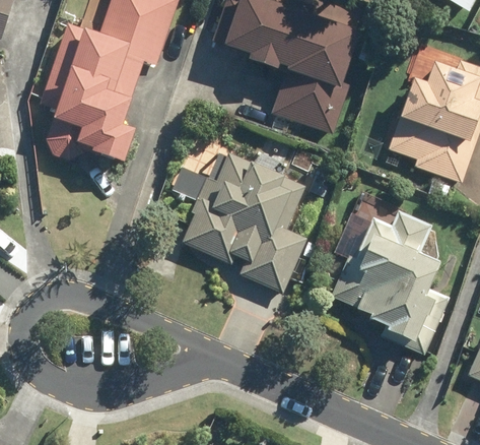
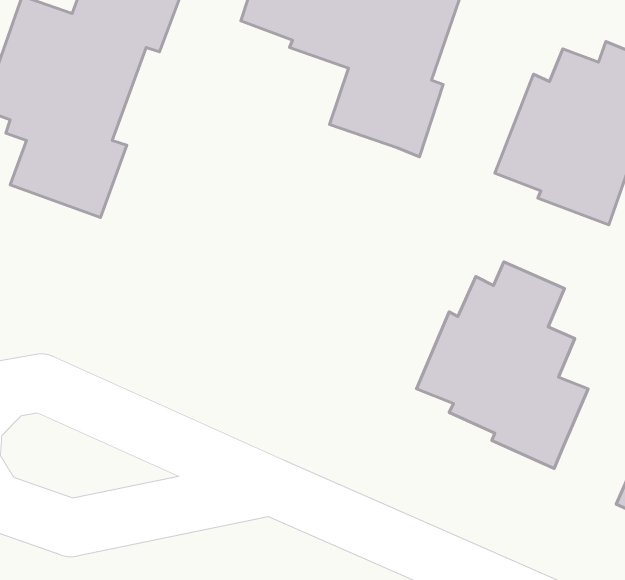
building: [179,148,311,291] -> none

